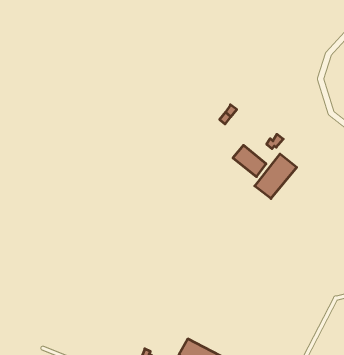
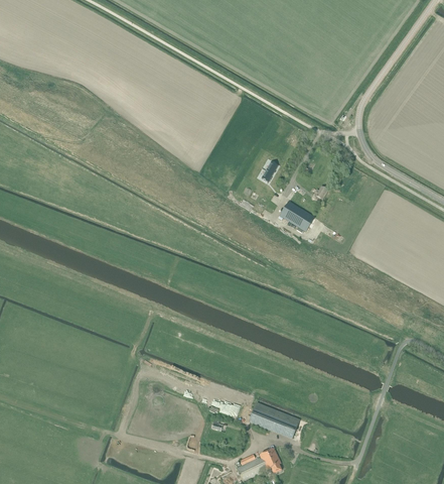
building: [255,154,297,199] -> none

